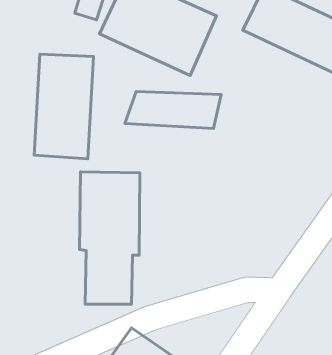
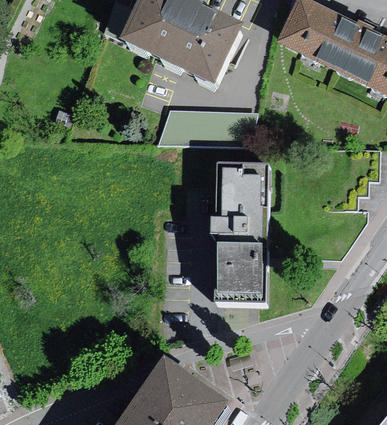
building: [34,54,93,159] -> none
building: [80,172,140,304] -> [211,162,275,302]

